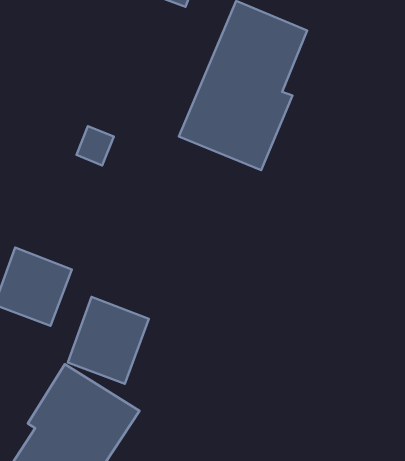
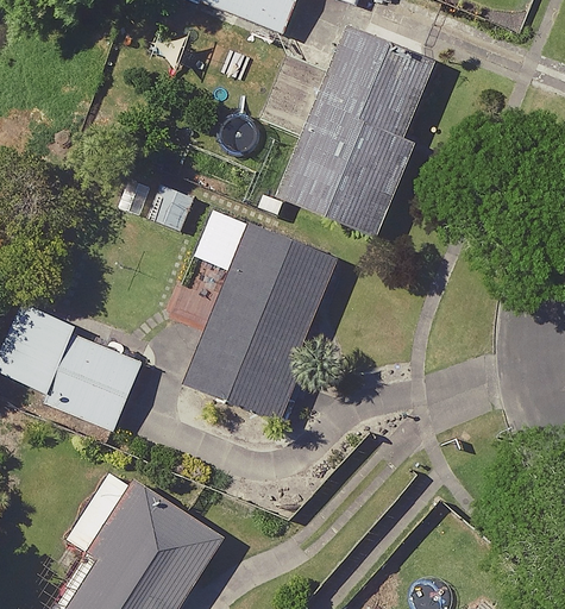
building: none -> [181,224,339,421]
building: [68,297,149,384] -> none

